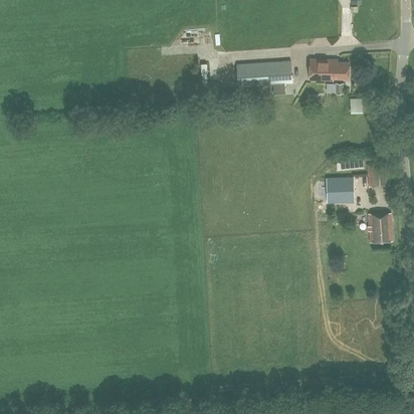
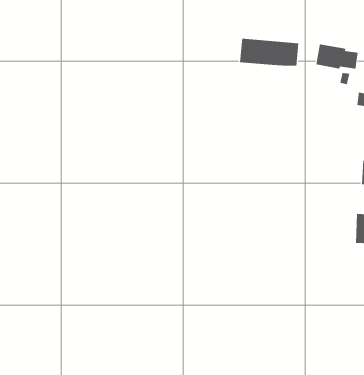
building: [327,178,353,205] -> none

